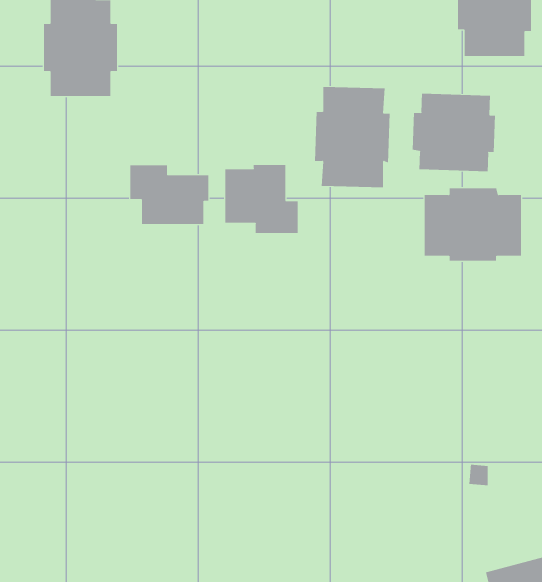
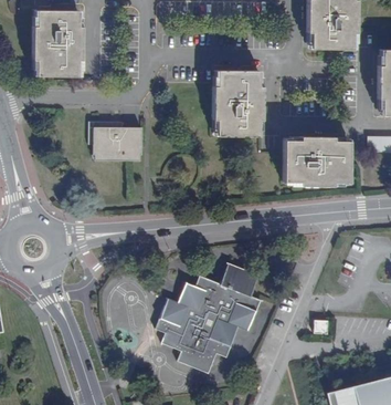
building: [412,93,496,172] -> none
building: [225,164,298,234] -> none
building: none -> [157,261,261,372]

